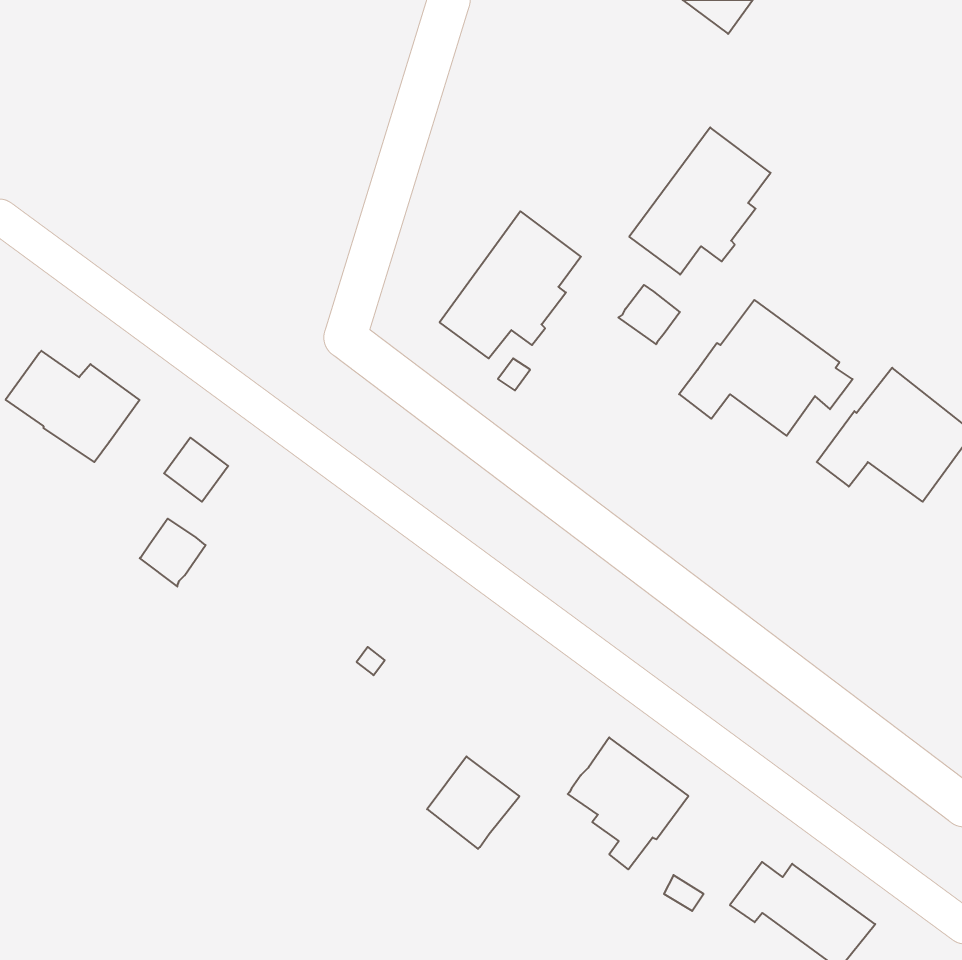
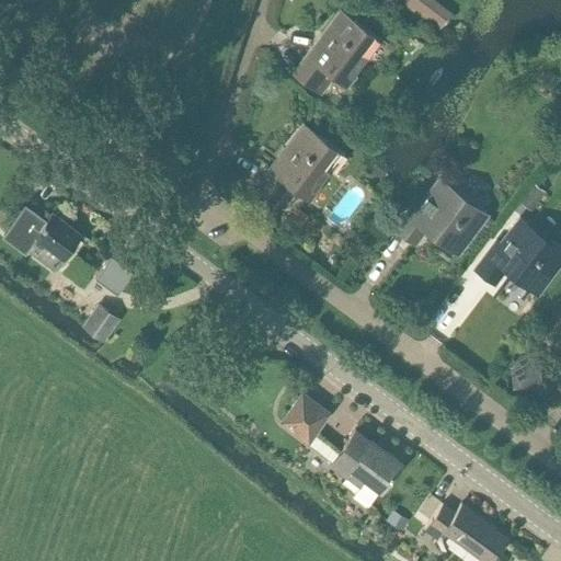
building: [629,127,771,275] -> [294,11,376,96]
building: [618,285,680,344] -> none
building: [427,756,519,849] -> [278,390,332,444]

